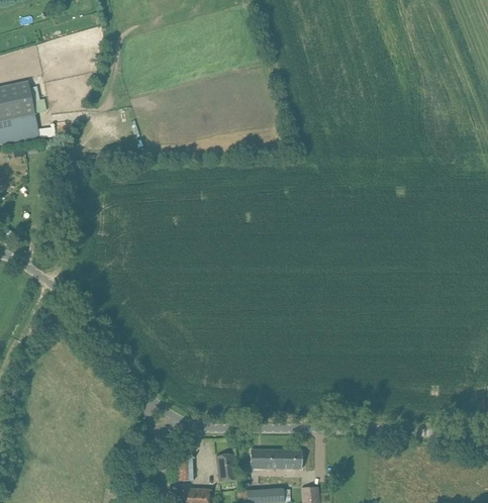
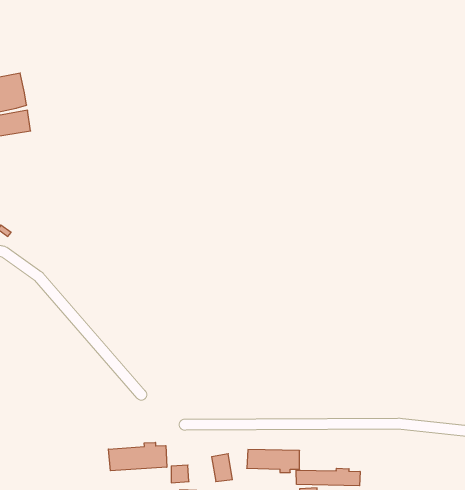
building: none -> [108,442,167,471]
building: none -> [296,468,360,486]

